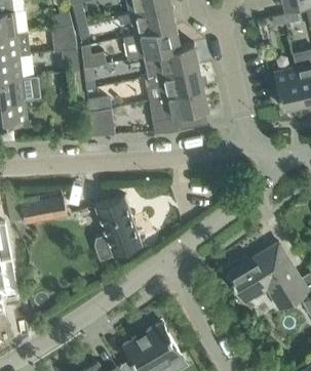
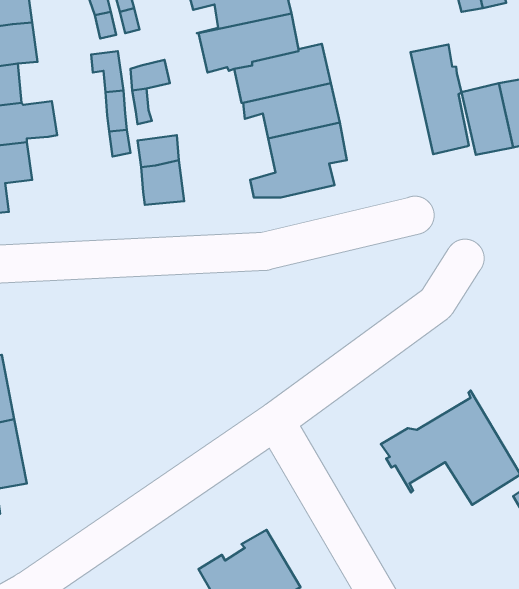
building: none -> [410,45,469,154]
building: [94,196,142,258] -> none
building: [21,197,67,223] -> none

